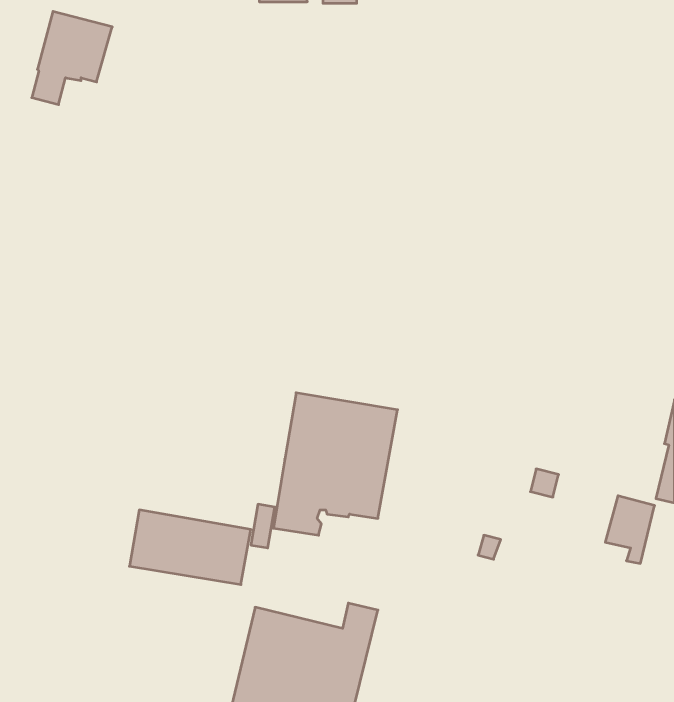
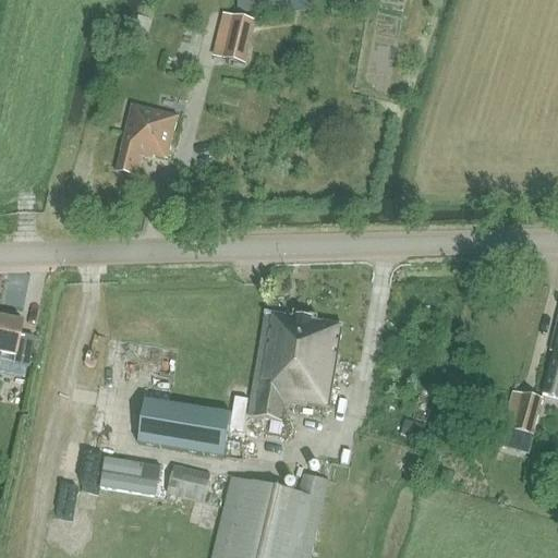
building: none -> [225,12,257,60]
building: [32,11,112,105] -> [117,102,179,174]
building: none -> [98,452,162,494]
building: none -> [168,462,211,499]

